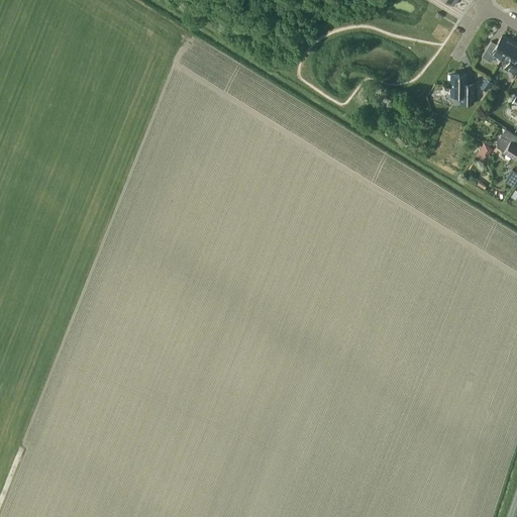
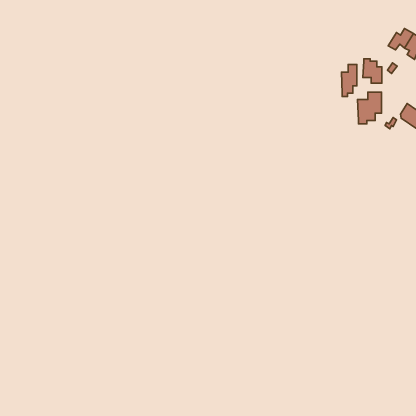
building: none -> [342,65,357,96]
building: none -> [357,92,382,124]

